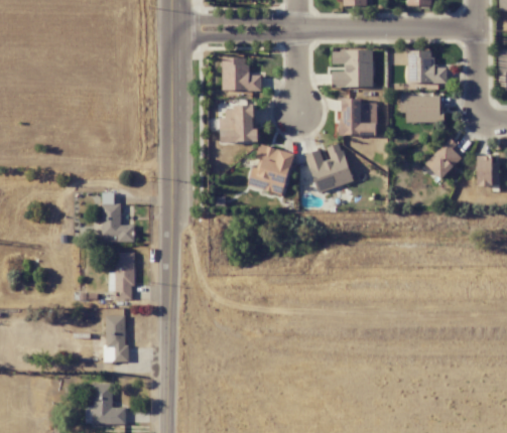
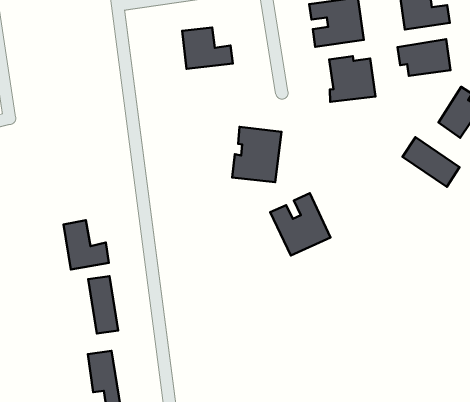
building: [220,105,259,142] -> none
building: [305,143,353,192] -> [270,193,331,255]
building: none -> [403,137,460,187]

